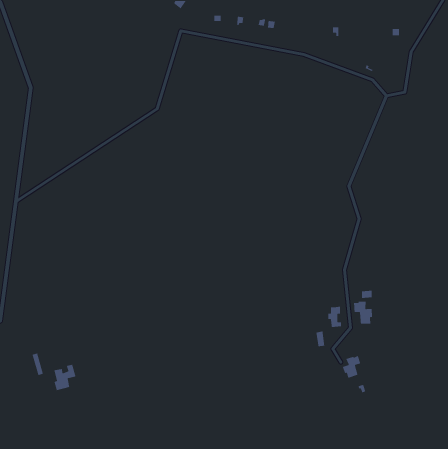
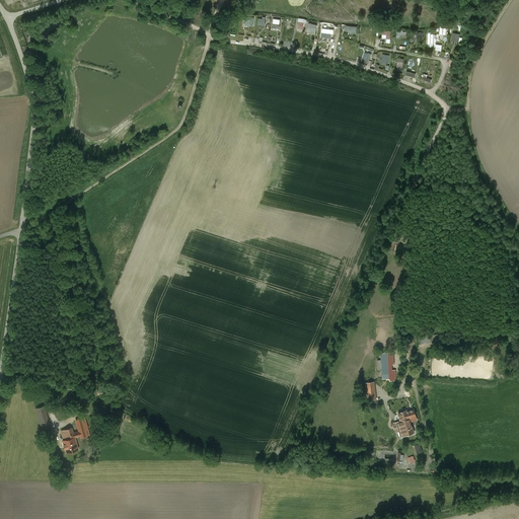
building: [353,301,373,324] -> none

